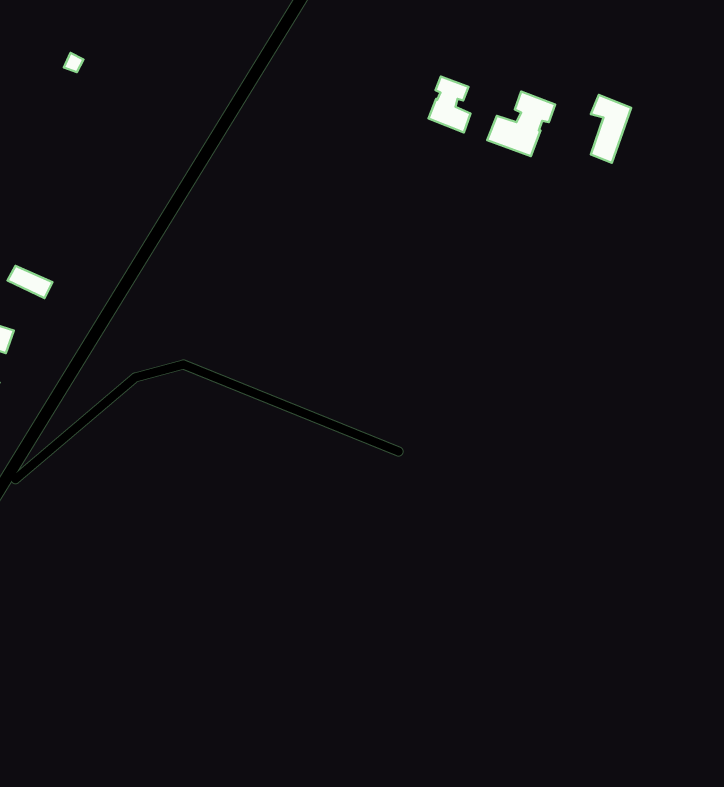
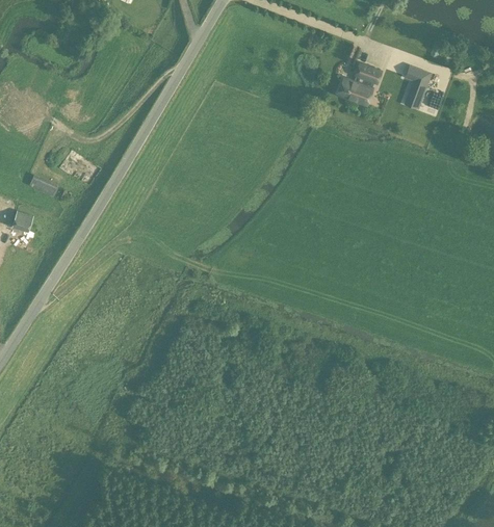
building: [429,77,471,132] -> none

